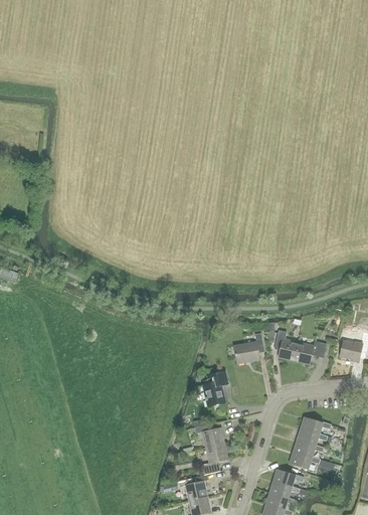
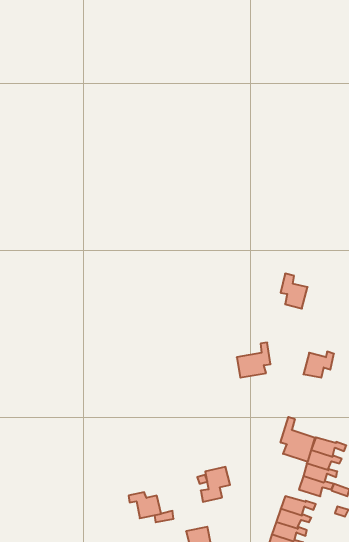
building: [274,330,299,361] -> [281,274,308,309]
building: [202,371,228,407] -> none
building: none -> [281,417,315,462]
building: [195,424,224,448] -> none
building: [179,478,208,501] -> [129,492,161,518]

